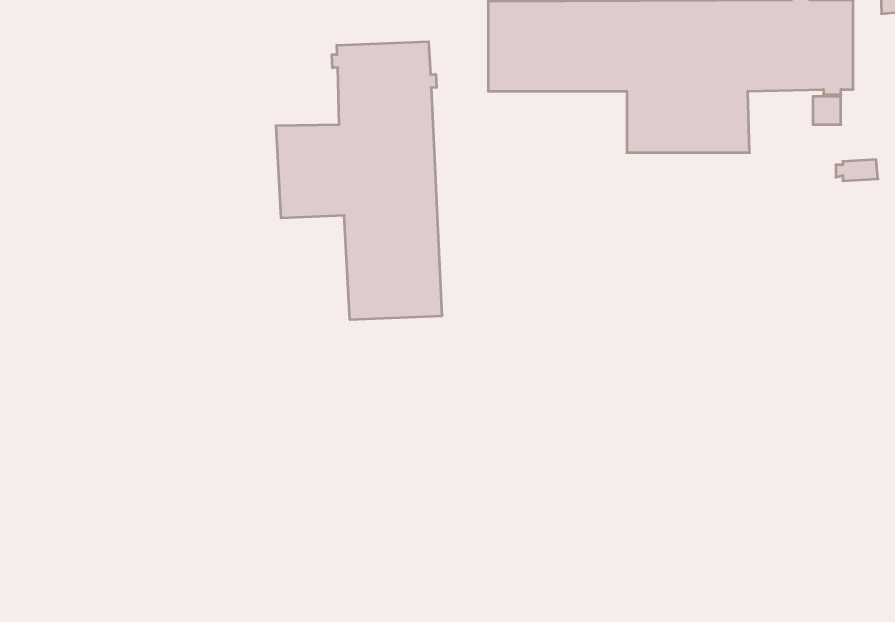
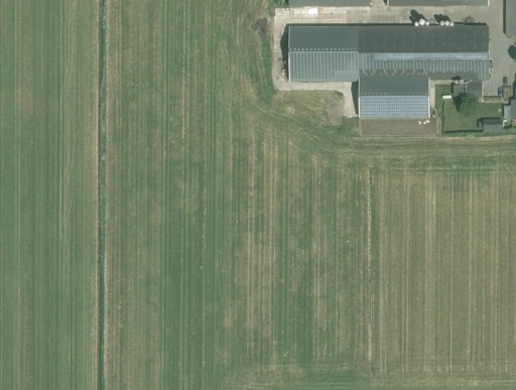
building: [276,42,442,320] -> none

